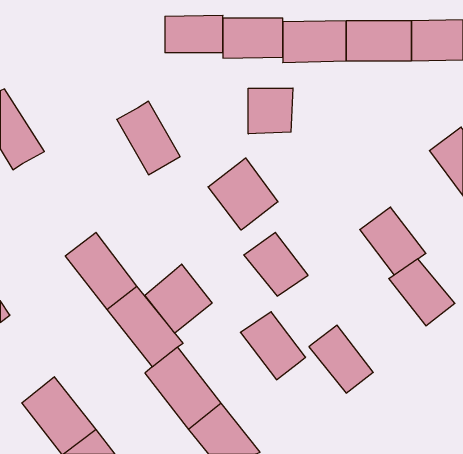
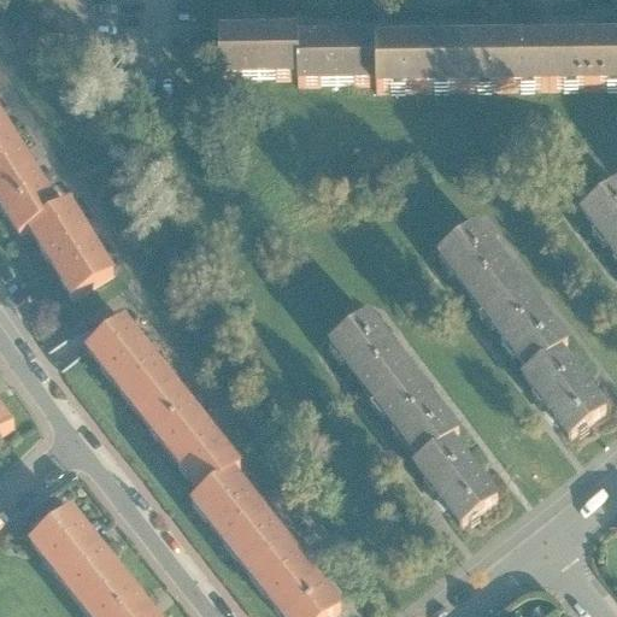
building: [248,88,293,134] -> none
building: [117,101,180,175] -> [30,193,114,290]
building: [208,158,278,230] -> none
building: none -> [434,219,519,305]
building: [145,264,212,333] -> none
building: [240,312,306,380] -> [369,365,456,456]

